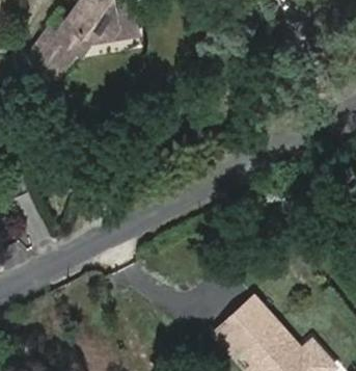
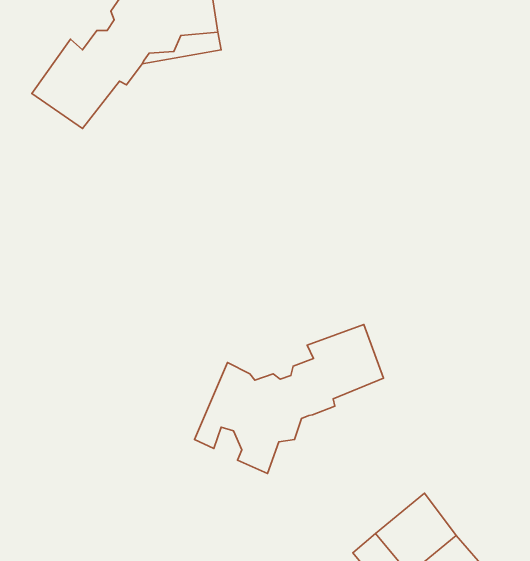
building: none -> [195,325,383,474]

